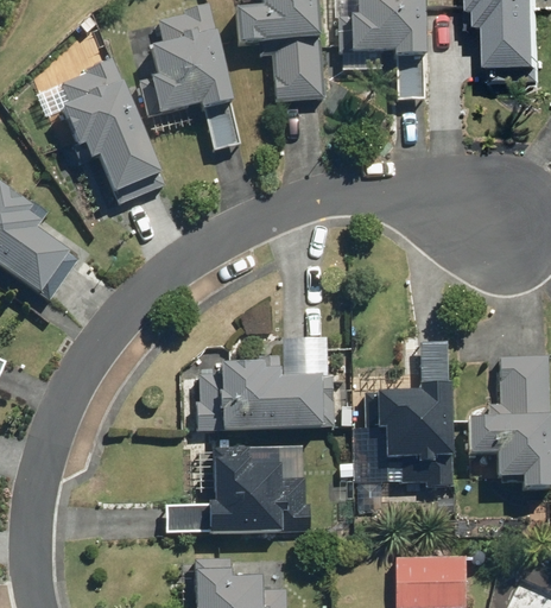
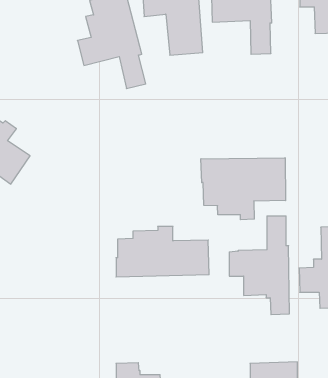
building: [36,58,162,191] -> none
building: none -> [201,158,286,220]
building: [164,446,310,533] -> none

